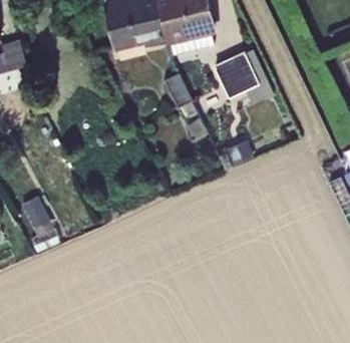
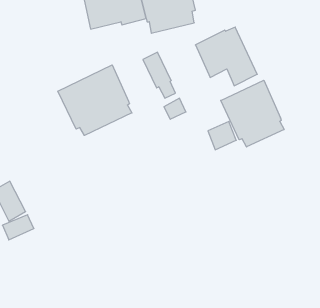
building: none -> [58,65,132,135]
building: none -> [221,80,284,147]

